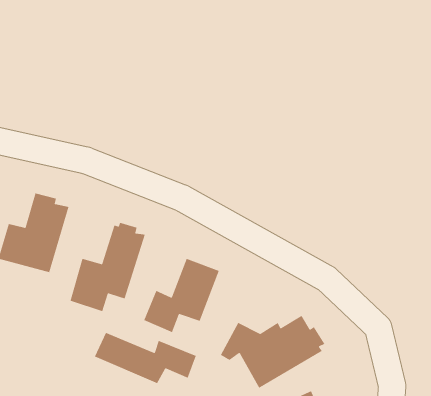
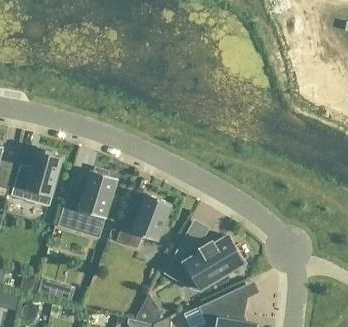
building: [94,332,197,384] -> none

